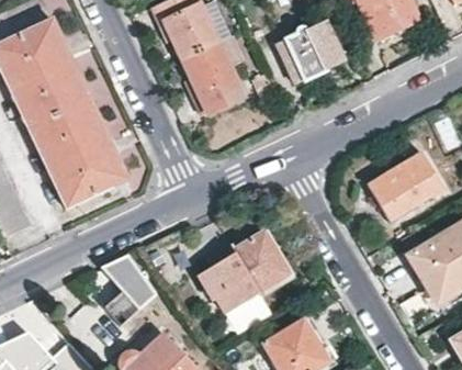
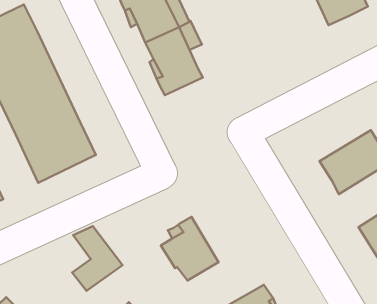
building: [278,21,343,81] -> none
building: [233,231,290,293] -> none

